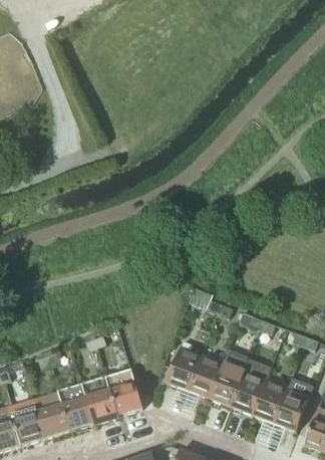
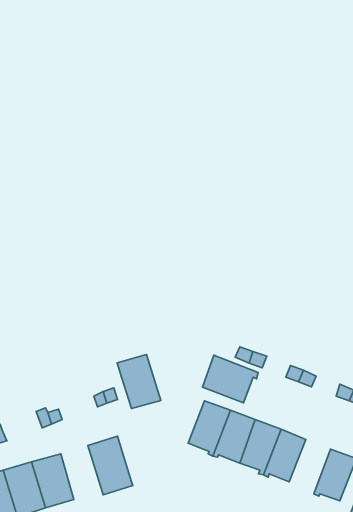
building: none -> [202,355,258,403]
building: [106,369,143,415] -> [117,355,161,409]
building: [253,379,288,425] -> none
building: [58,384,93,430] -> none

